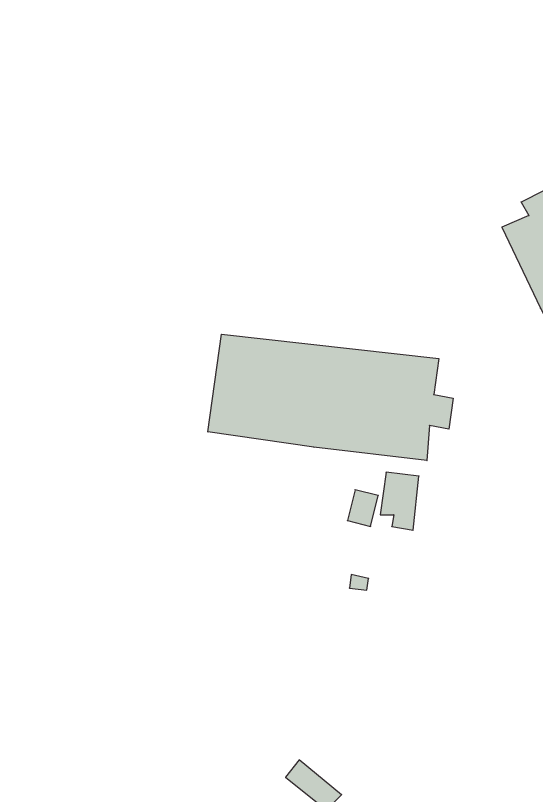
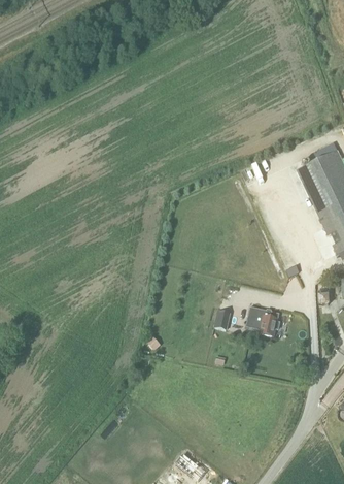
building: [208,334,453,461] -> none
building: none -> [251,308,278,335]

